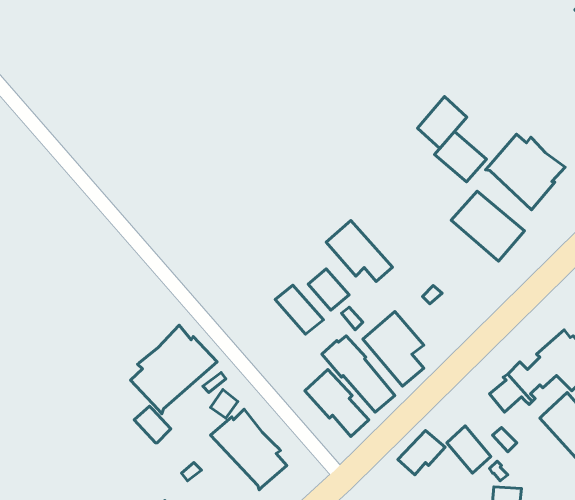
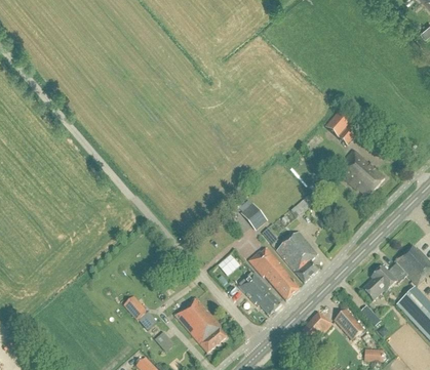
building: [418,97,467,148] -> none
building: [485,134,565,210] -> none
building: [326,221,393,282] -> none
building: [275,285,323,334] -> none
building: [130,325,217,414] -> none

